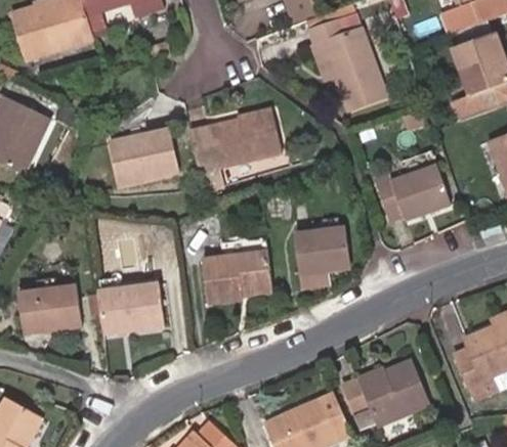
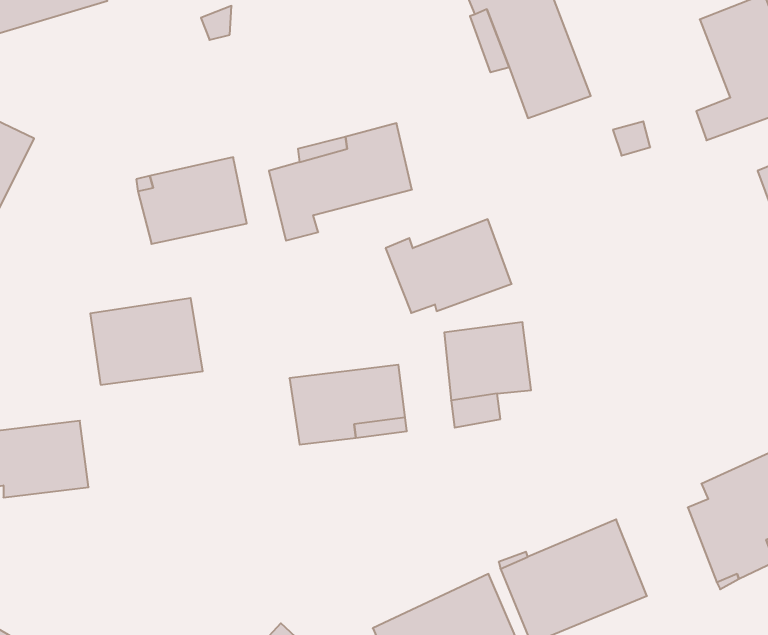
building: [375,163,451,219] -> [386,219,512,313]
building: [99,286,167,339] -> [90,298,203,385]

